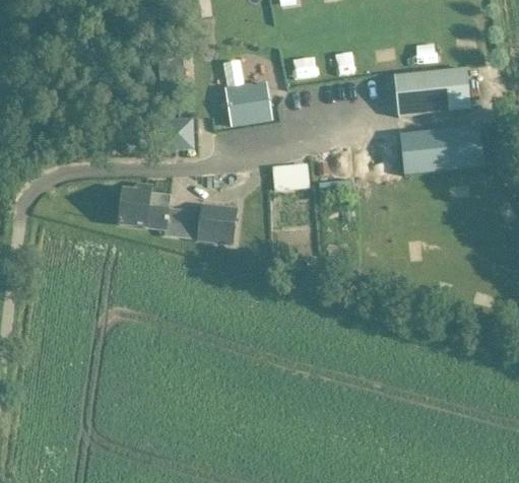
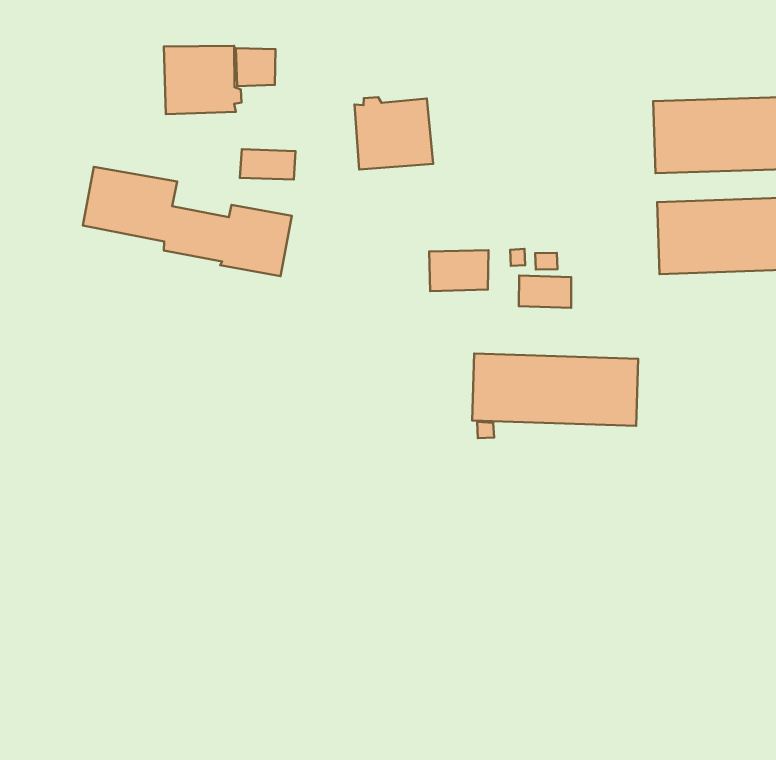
building: none -> [164,46,242,114]
building: [119,190,237,245] -> [83,167,292,276]
building: none -> [472,354,638,426]

